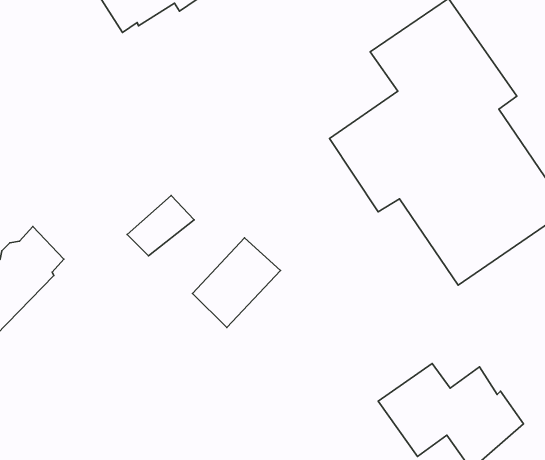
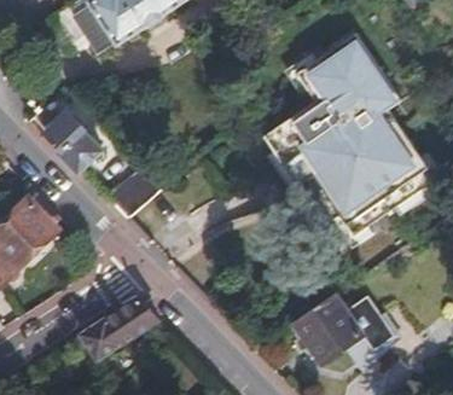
building: none -> [35,109,104,174]
building: none -> [82,297,159,356]

